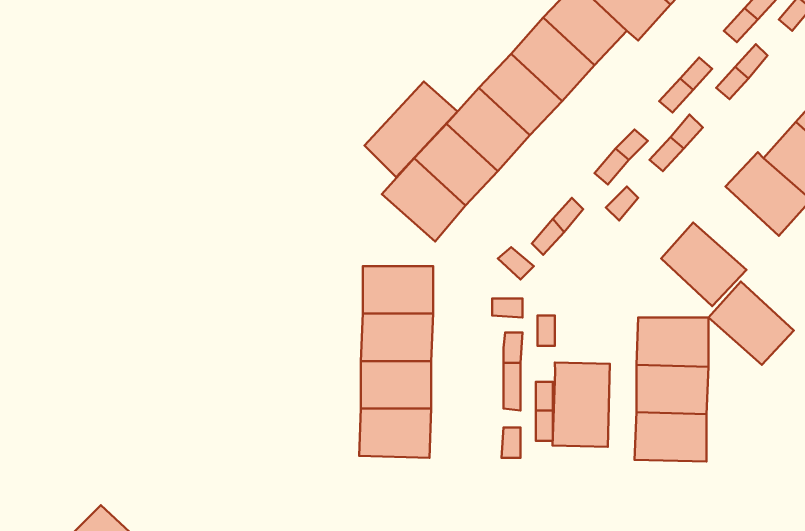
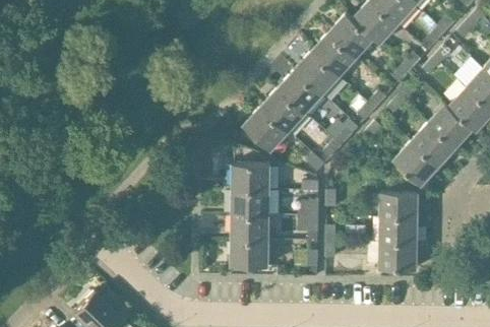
building: [364,82,457,177] -> none
building: [709,281,794,365] -> [410,123,455,168]
building: [553,363,610,447] -> none

